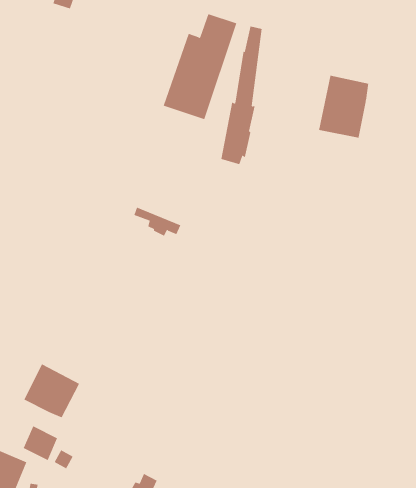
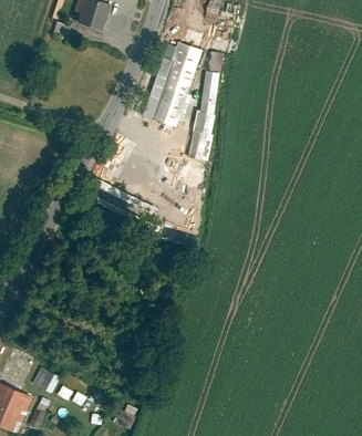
building: [318,75,369,138] -> none
building: [24,364,80,418] -> none

